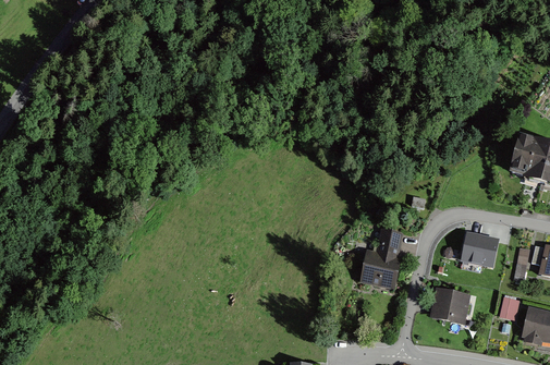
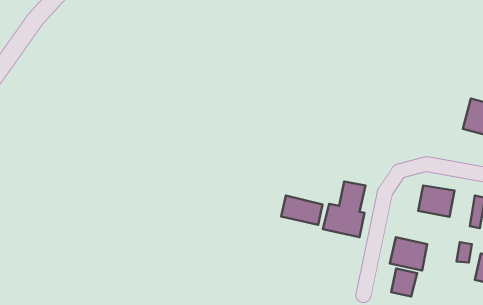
building: none -> [281,195,323,225]
building: none -> [391,268,417,296]

